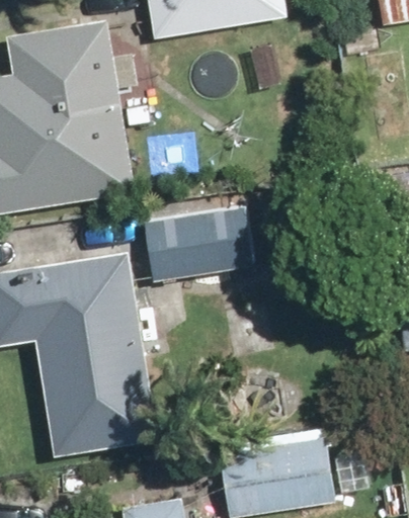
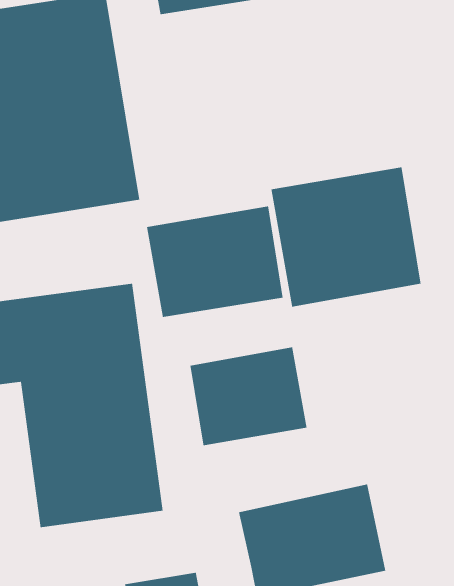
building: none -> [271,167,421,307]
building: none -> [190,347,307,446]

